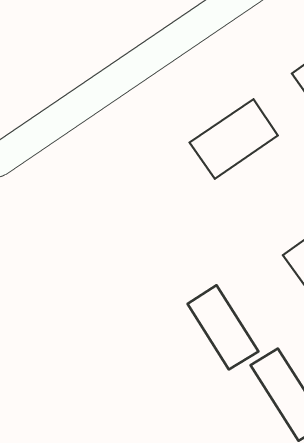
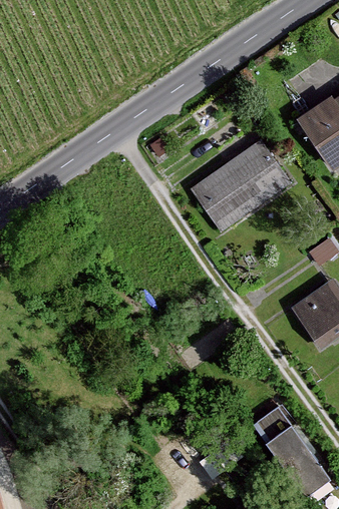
building: [188,285,259,369] -> none

